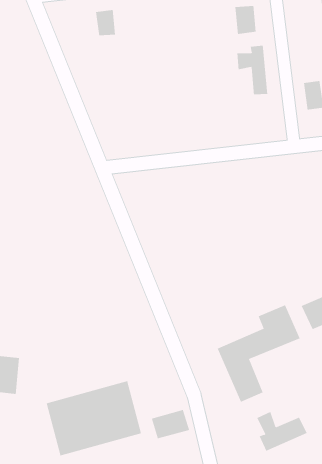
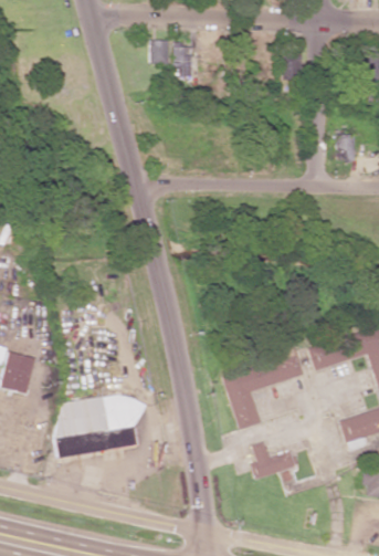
building: none -> [173,44,192,76]
building: [237,45,268,95] -> none
building: [151,409,190,439] -> none

